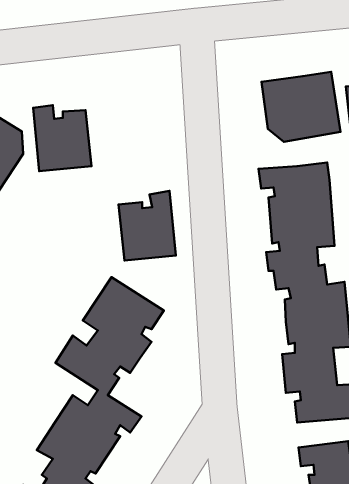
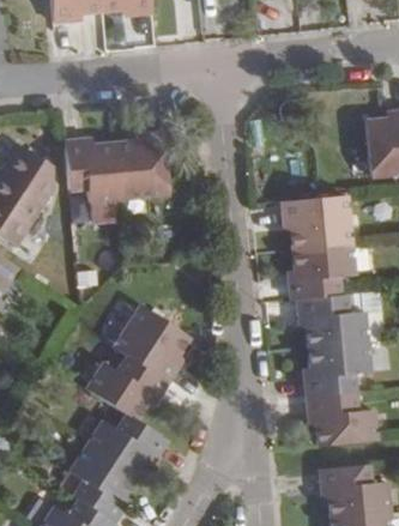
building: [261,72,341,142] -> none
building: [118,191,176,261] -> [114,132,169,199]

